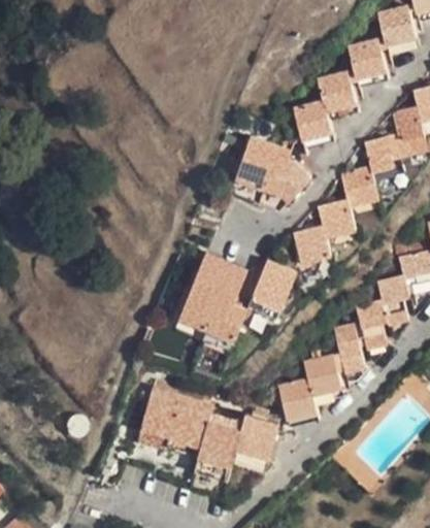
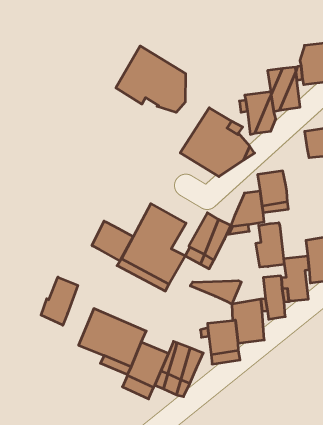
building: none -> [116,46,186,112]
building: [341,170,381,213] -> none
building: none -> [256,223,284,267]
building: none -> [92,221,133,261]
building: none -> [190,281,241,304]
building: none -> [41,277,78,325]

